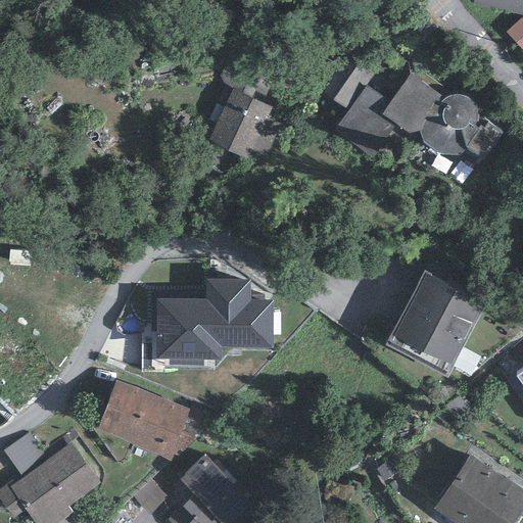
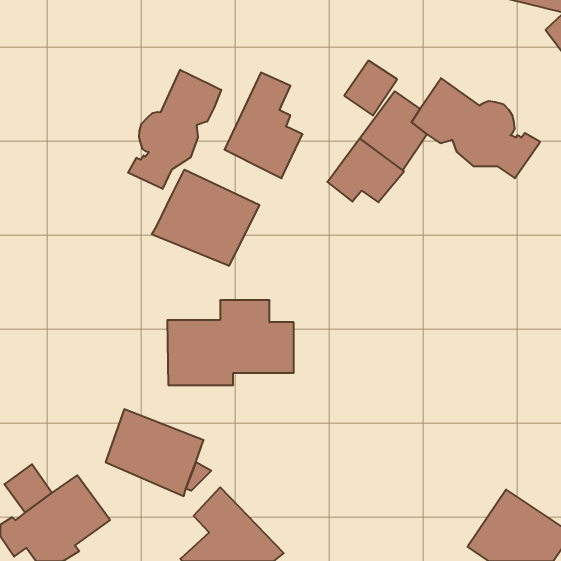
building: none -> [128,70,221,189]
building: none -> [327,139,404,202]
building: none -> [152,170,259,266]
building: [384,270,484,376] -> none

